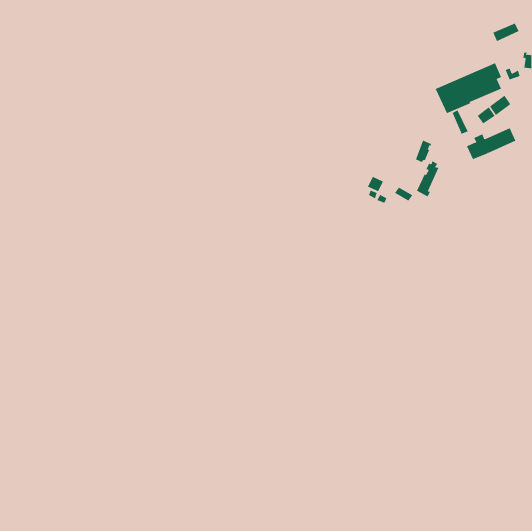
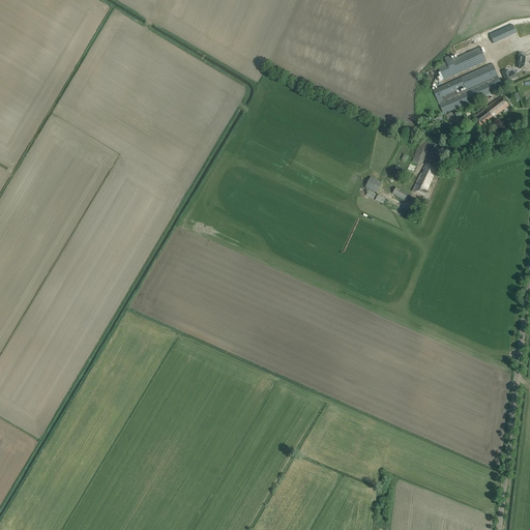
building: [466,127,516,160] -> [436,46,485,78]

